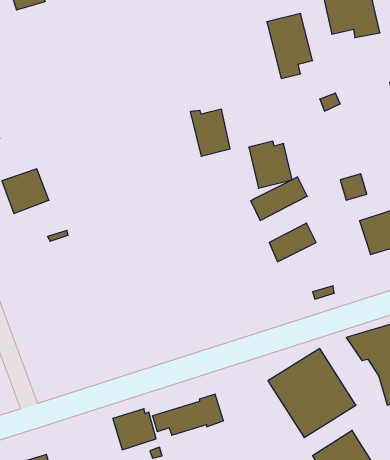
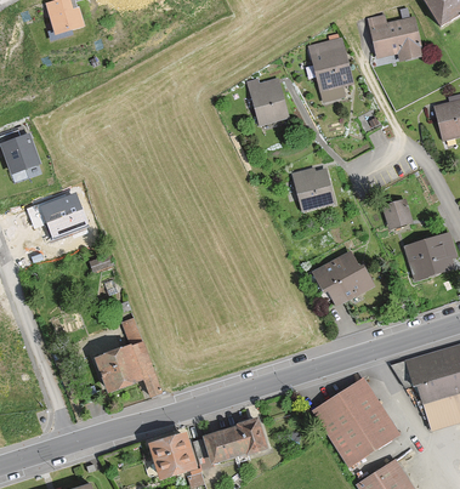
building: [190,109,230,156] -> [248,78,288,125]
building: [251,177,307,220] -> [317,266,374,309]
building: none -> [100,319,164,397]

